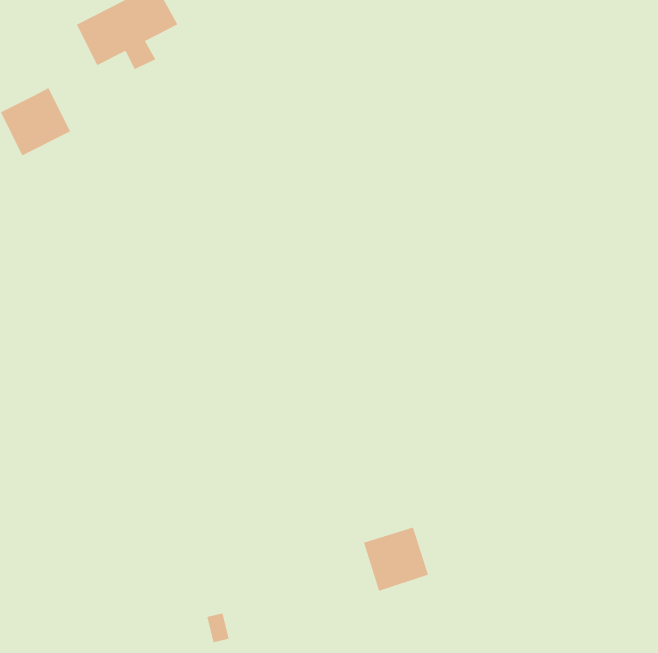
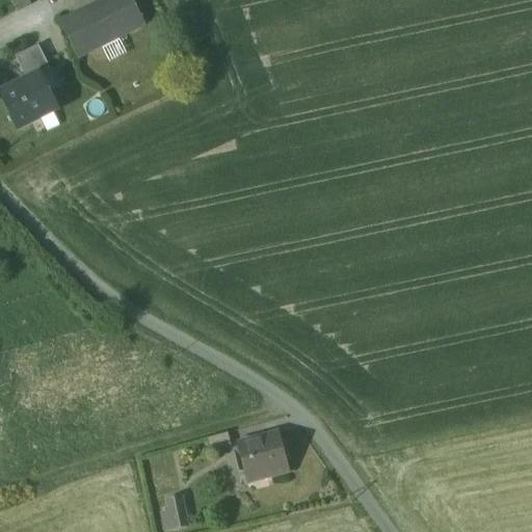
building: none -> [15,42,50,77]
building: [363,527,429,591] -> [236,430,289,482]

